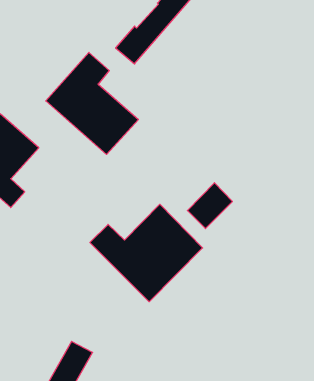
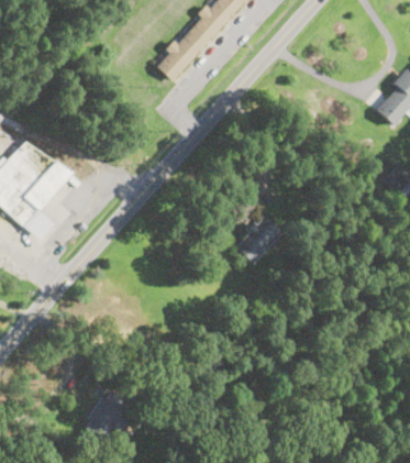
building: [46,52,138,154] -> none
building: [90,204,203,302] -> none

